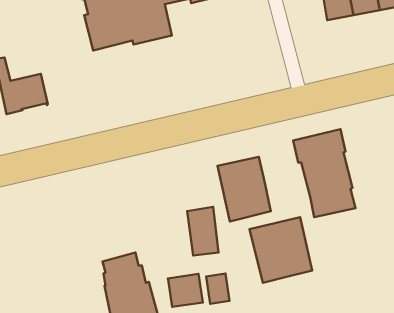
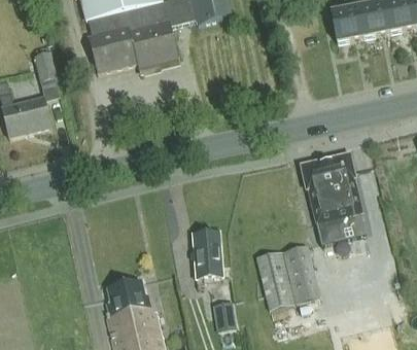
building: none -> [34,44,57,80]
building: [217,157,271,221] -> none
building: [168,274,203,307] -> none

